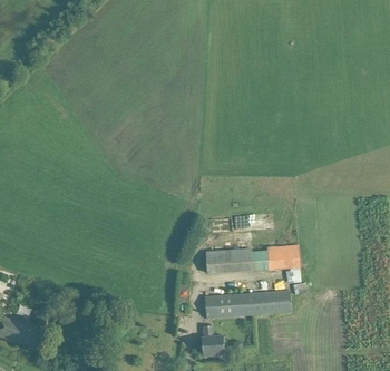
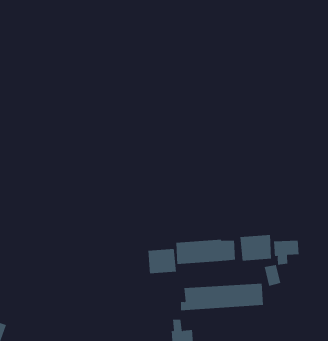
building: none -> [273,240,299,265]
building: none -> [148,248,176,274]

